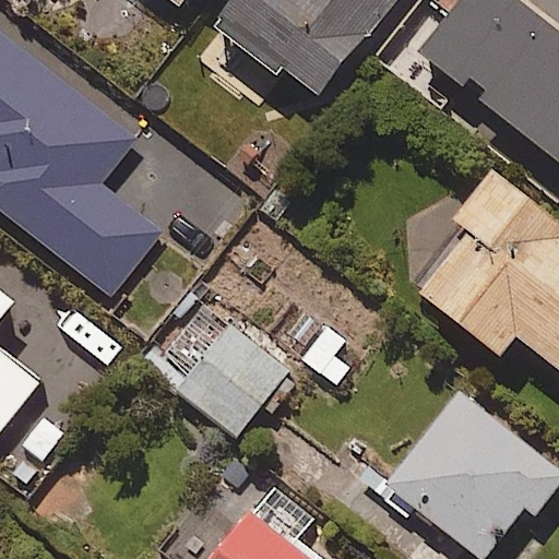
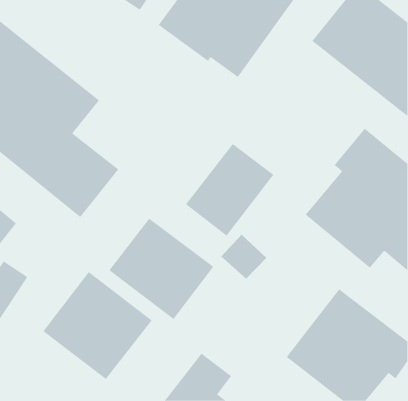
building: none -> [185,143,274,237]
building: none -> [43,271,152,380]

